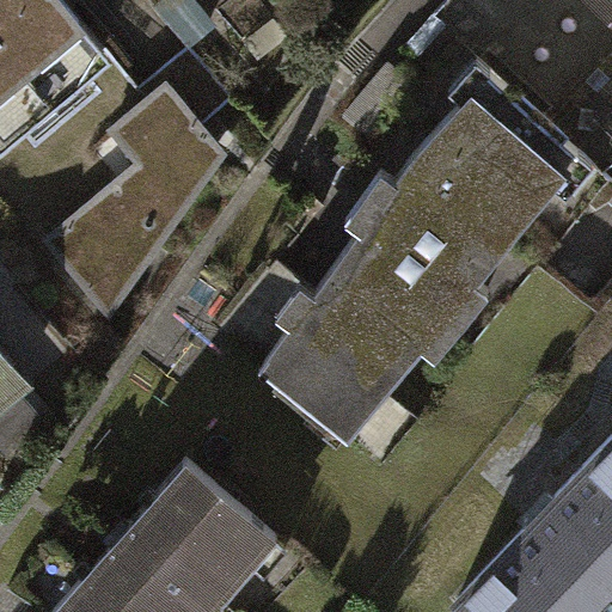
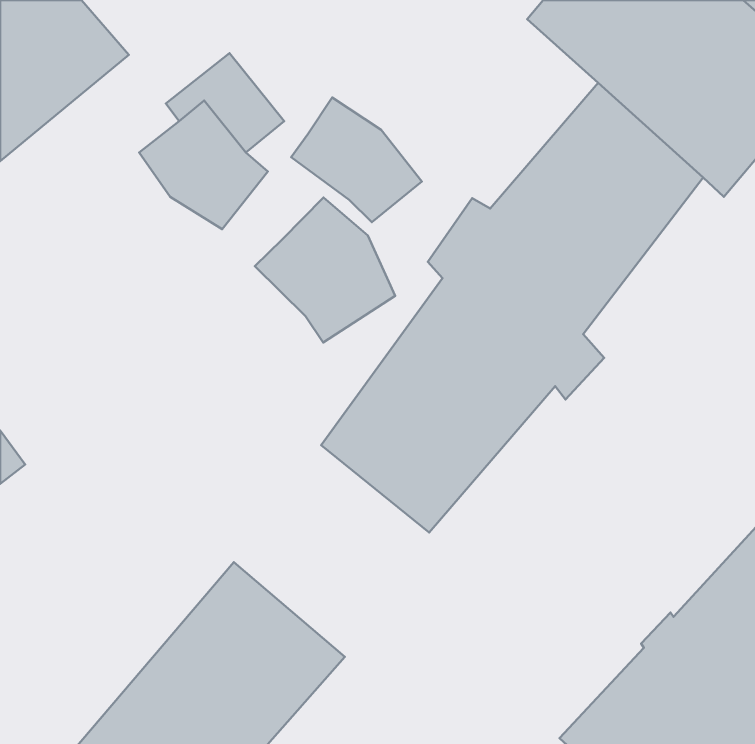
building: none -> [291,98,422,222]
building: [45,169,180,307] -> none
building: none -> [255,197,395,342]

